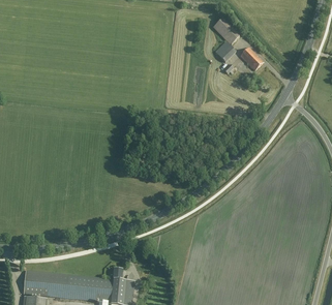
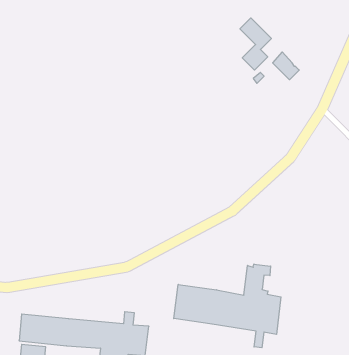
building: none -> [174,264,281,348]

